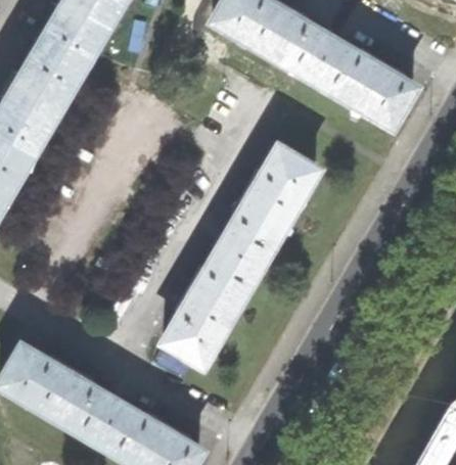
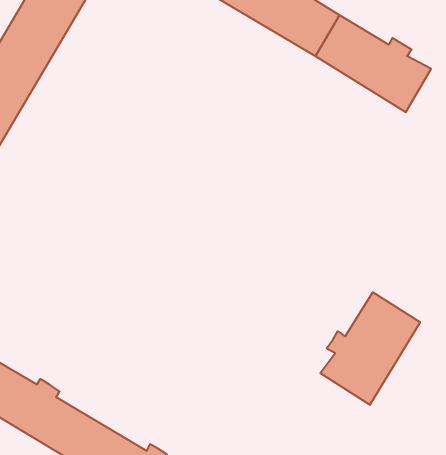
building: [164,149,316,365] -> none
building: none -> [320,292,420,405]

